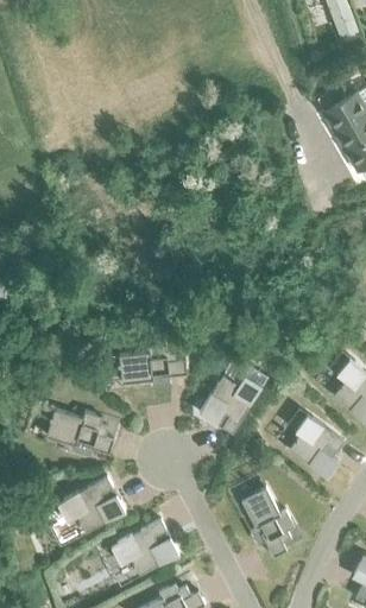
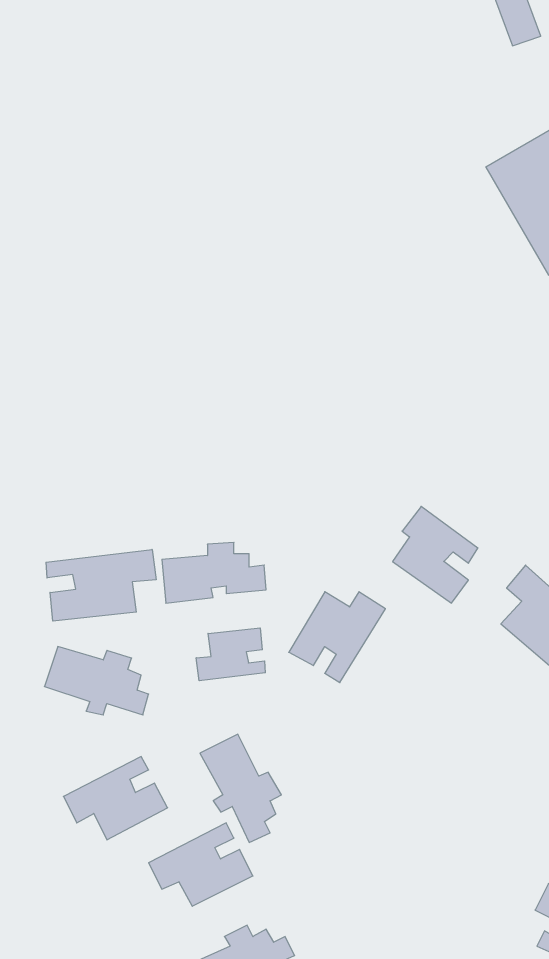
building: none -> [46,549,156,621]
building: none -> [196,628,265,681]
building: [289,416,342,476] -> [393,506,478,603]
building: [241,489,292,557] -> [200,734,281,842]

